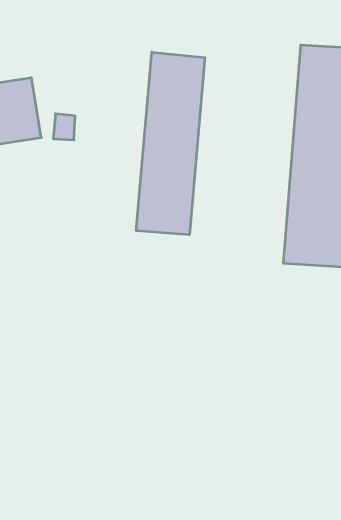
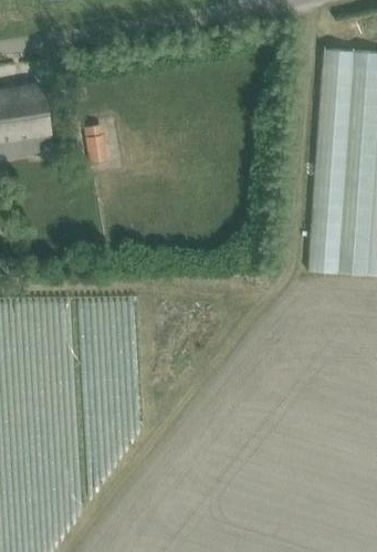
building: [136,52,205,235] -> none

